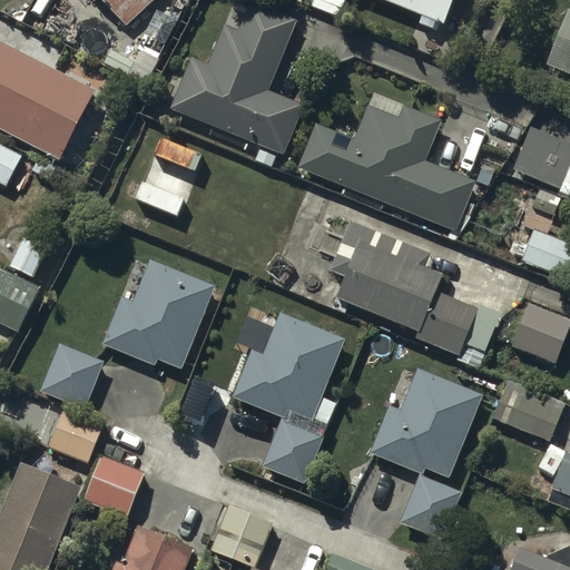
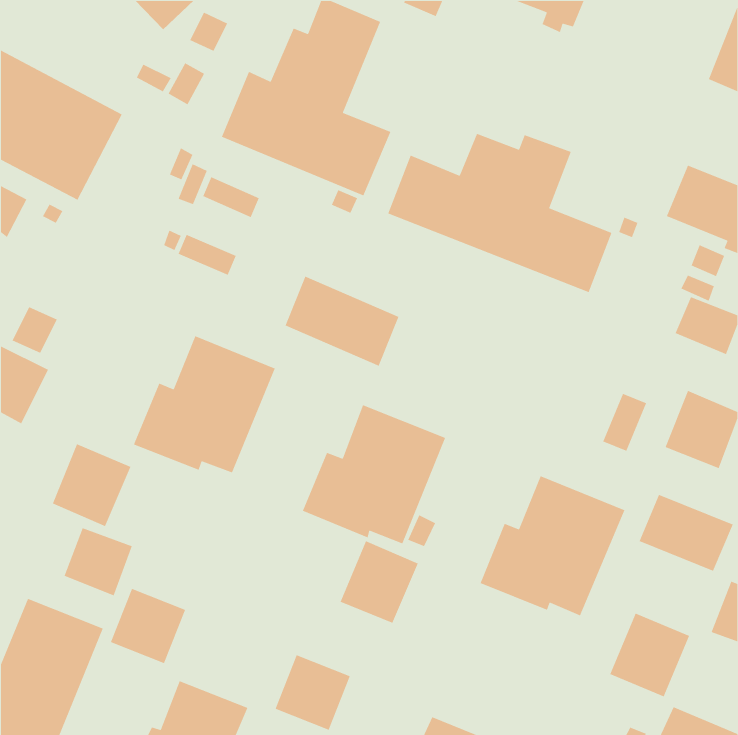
building: none -> [284,276,400,367]
building: [331,222,474,355] -> none
building: [399,474,461,540] -> [609,612,690,698]

